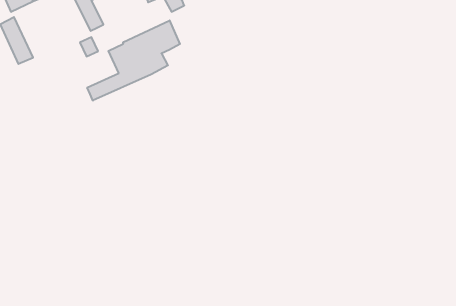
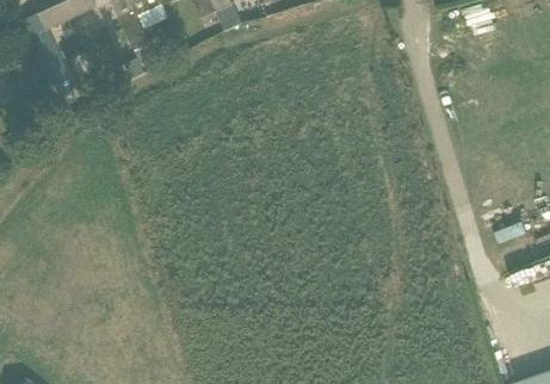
building: [87,20,180,101] -> none

